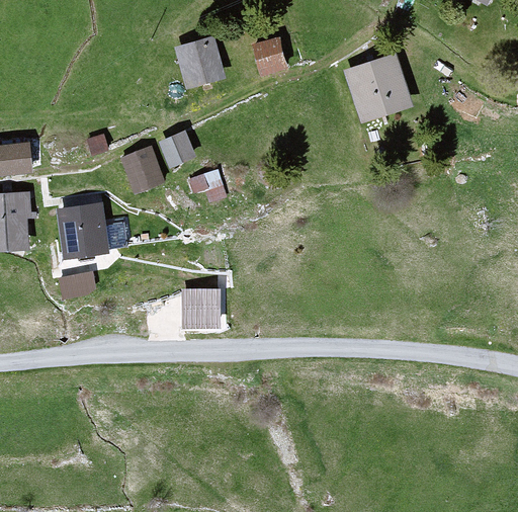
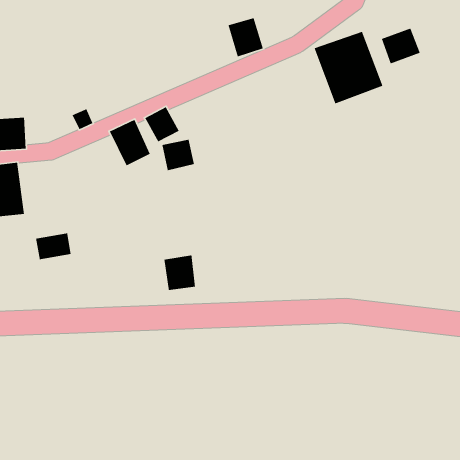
building: [173,36,223,84] -> none
building: none -> [381,27,421,65]
building: [65,197,120,260] -> none

